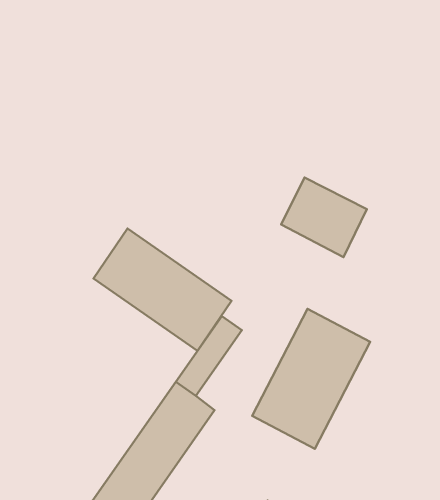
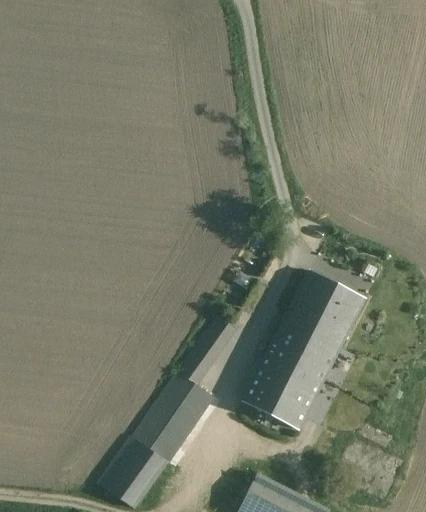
building: [281,177,367,257] -> [291,271,364,339]
building: [93,228,232,351] -> none

